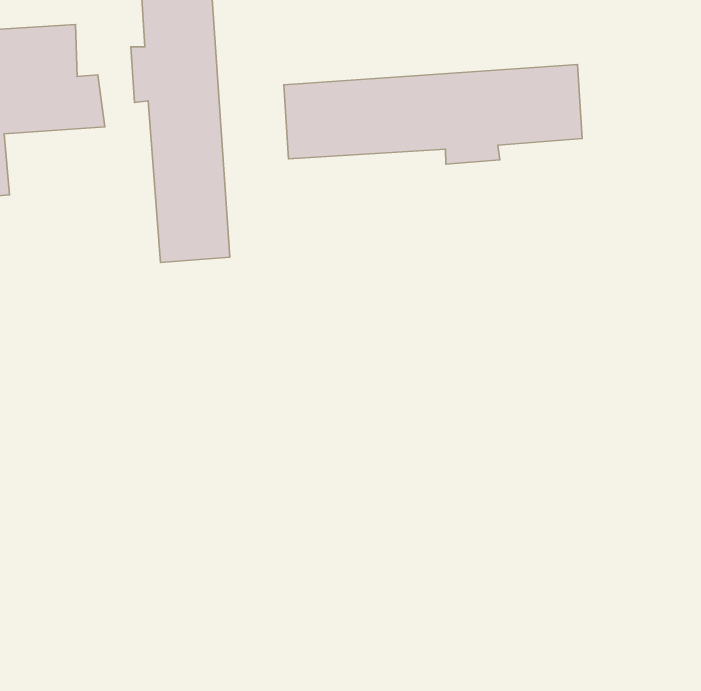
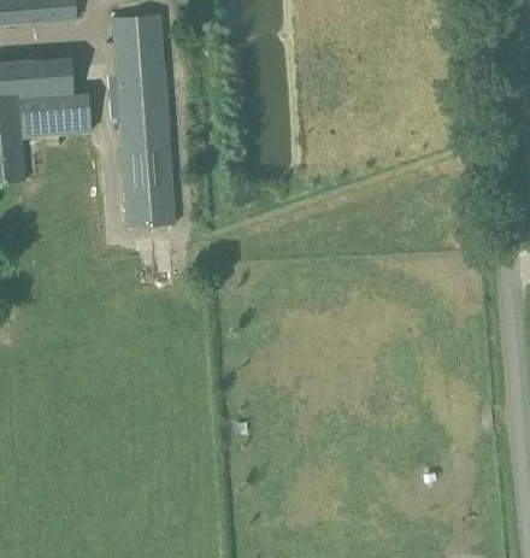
building: [284,65,582,164] -> none

